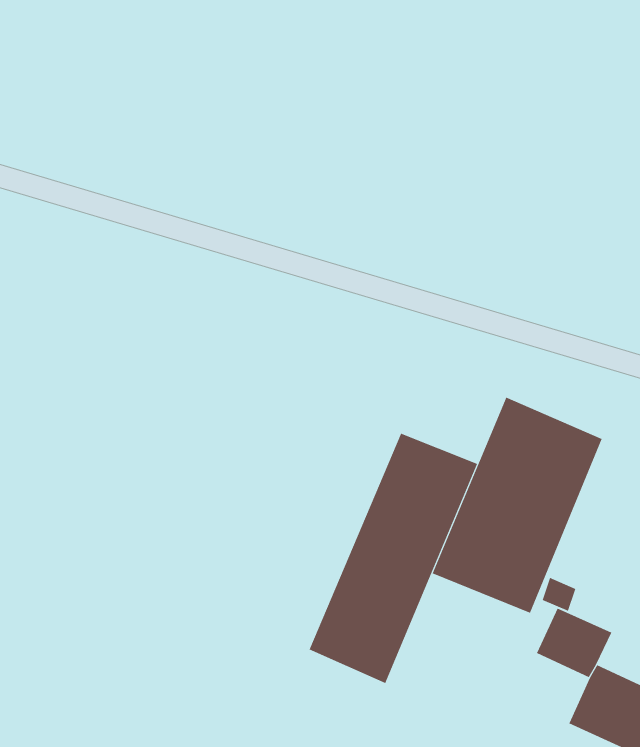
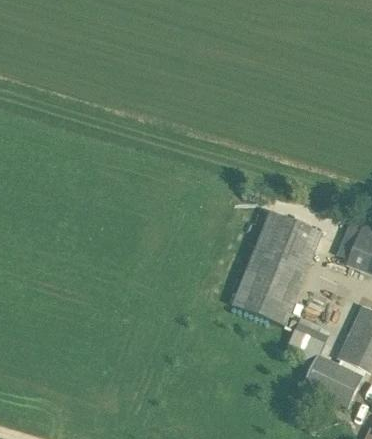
building: [309,433,478,684] -> none

